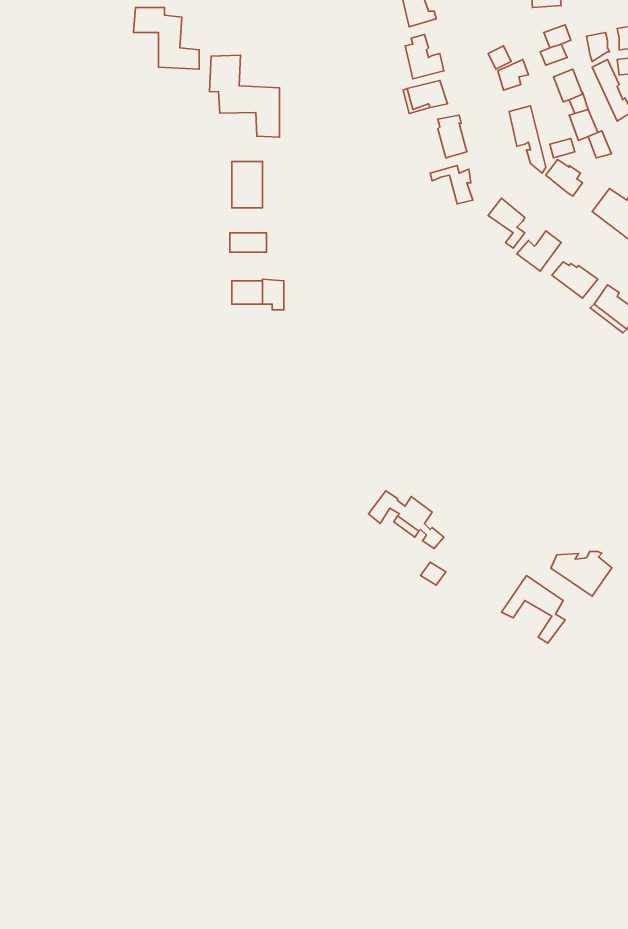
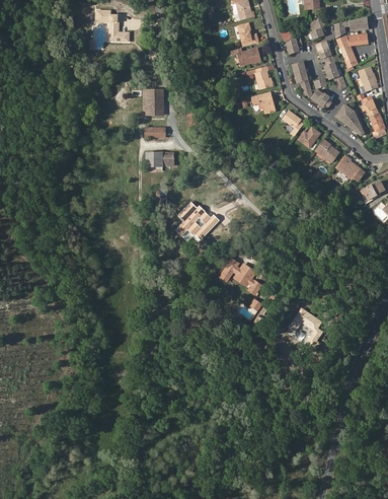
building: [209,55,279,137] -> none
building: none -> [175,202,219,239]
building: [551,551,612,596] -> none

